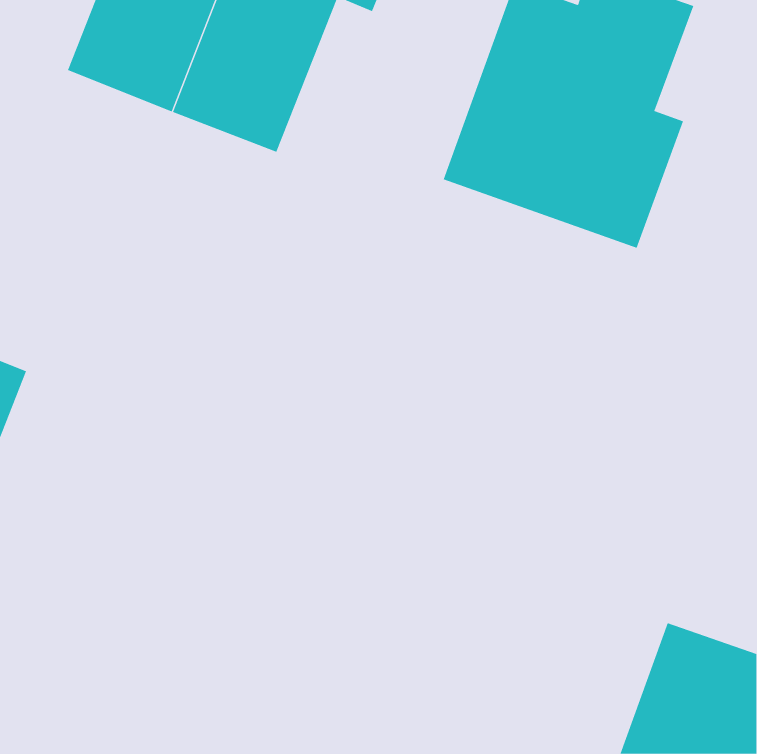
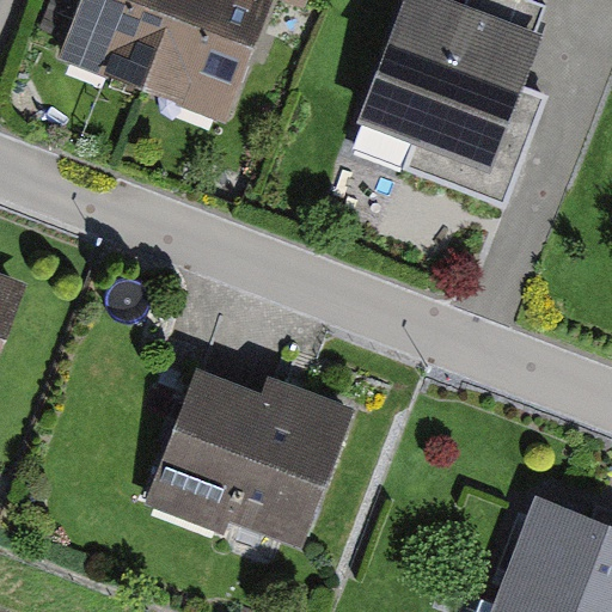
building: none -> [140,373,353,549]

